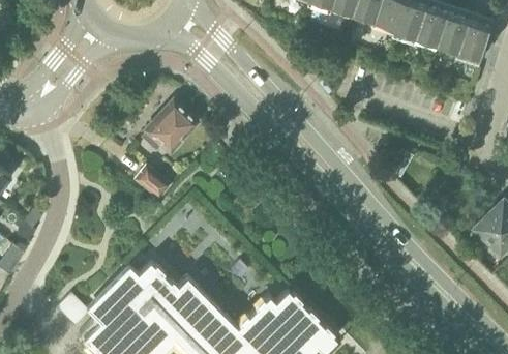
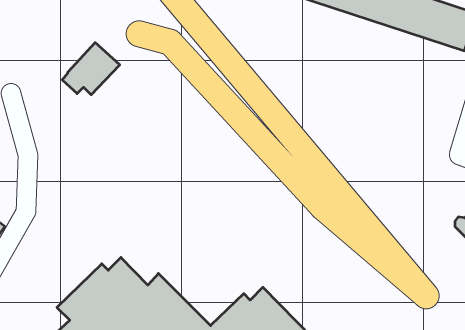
building: [140,101,196,152] -> [62,43,120,95]
building: [132,166,168,200] -> none

